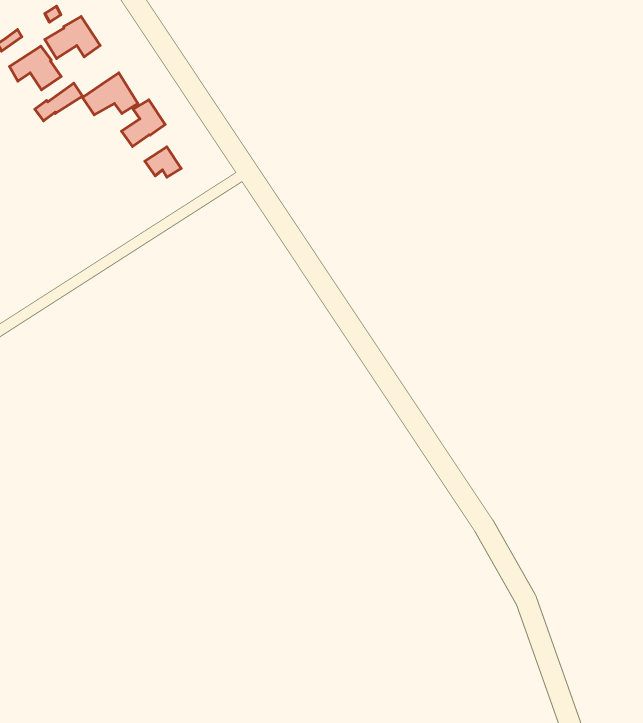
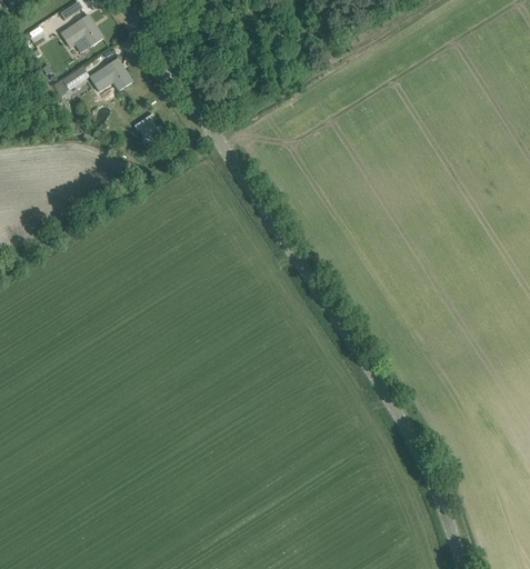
building: [10,46,61,90] -> none
building: [121,100,165,147] -> none

